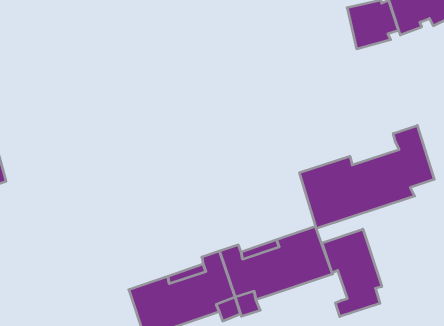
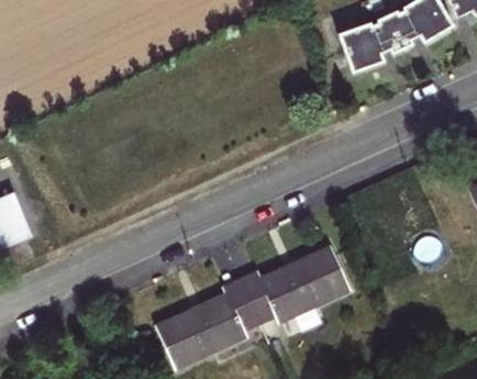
building: [300,125,434,228] -> none
building: [322,229,382,317] -> none

